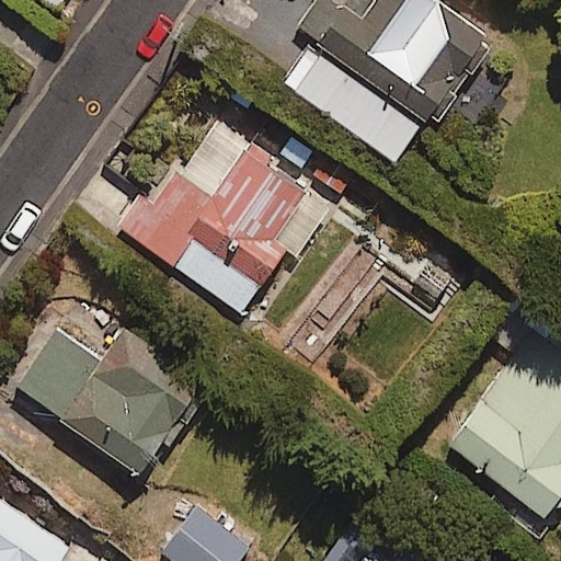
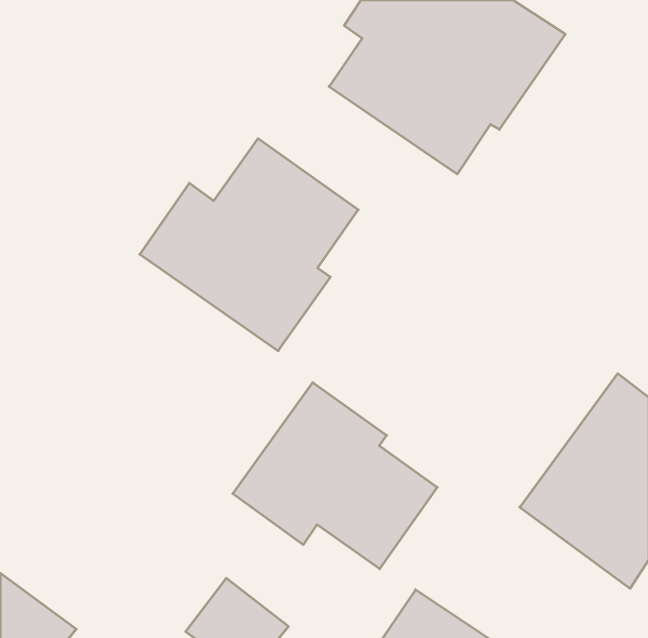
building: [14,305,204,477] -> none
building: none -> [233,383,437,569]

